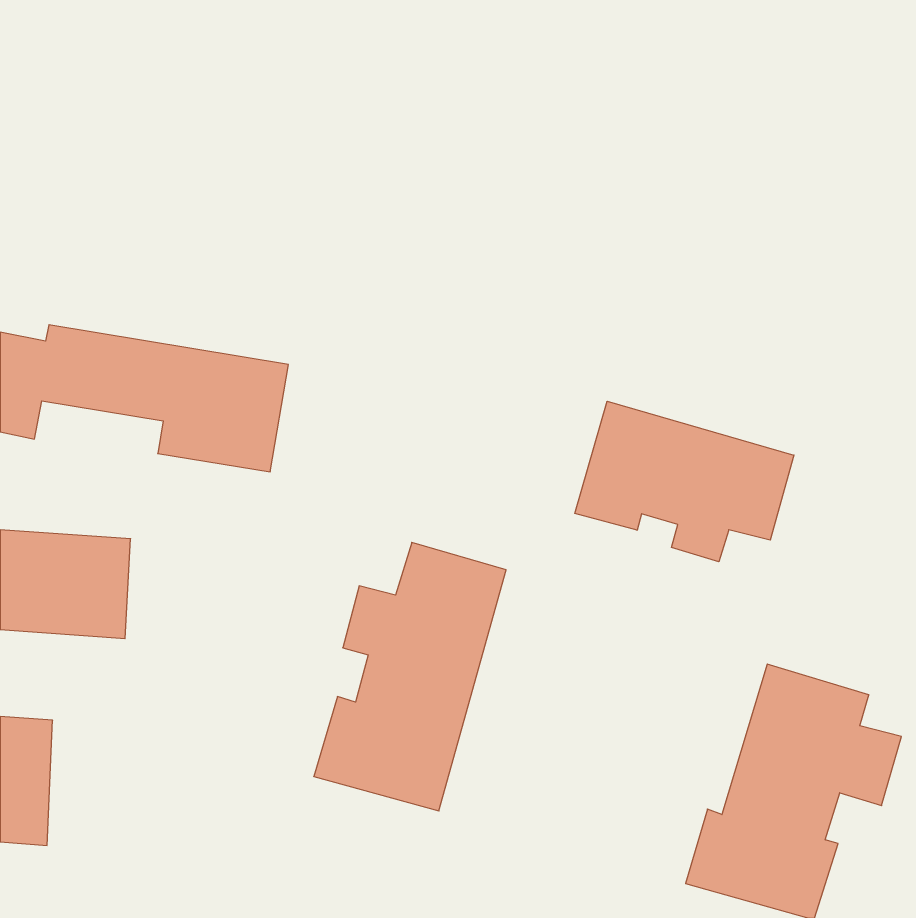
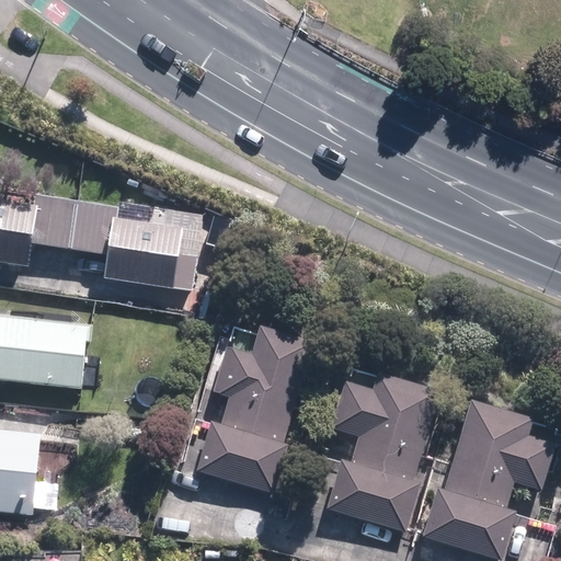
building: [575,401,794,562] -> none
building: none -> [329,375,440,529]

